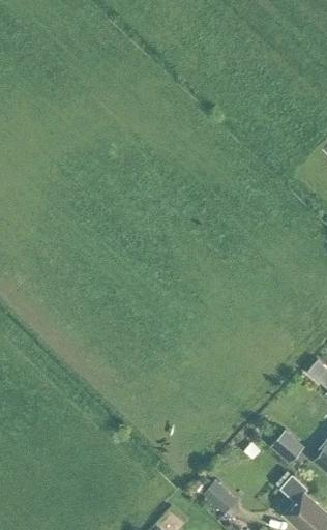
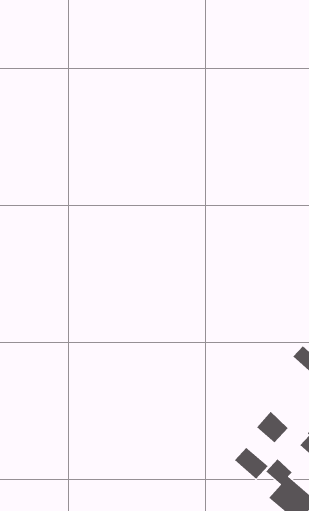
building: [202,479,237,512] -> [234,447,268,479]

